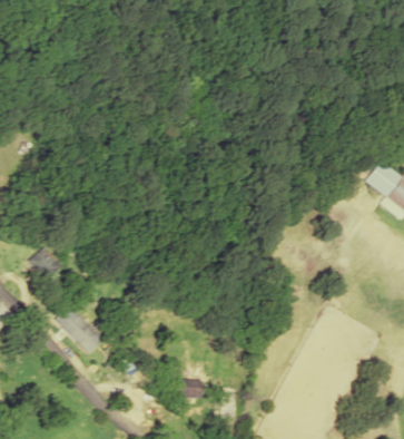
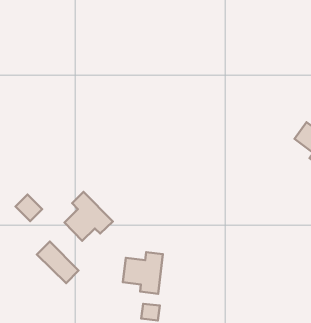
building: none -> [64,192,113,241]
building: none -> [123,252,163,294]

